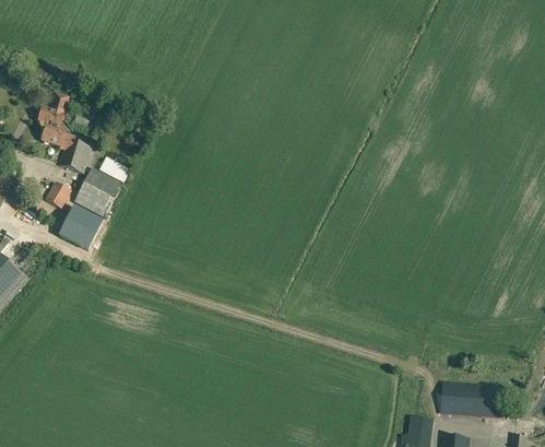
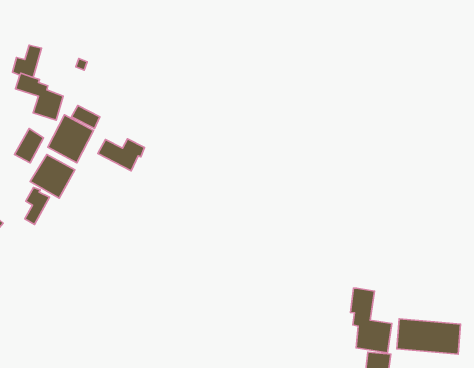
building: none -> [98,139,144,171]
building: none -> [25,187,50,225]
building: none -> [350,288,392,353]

